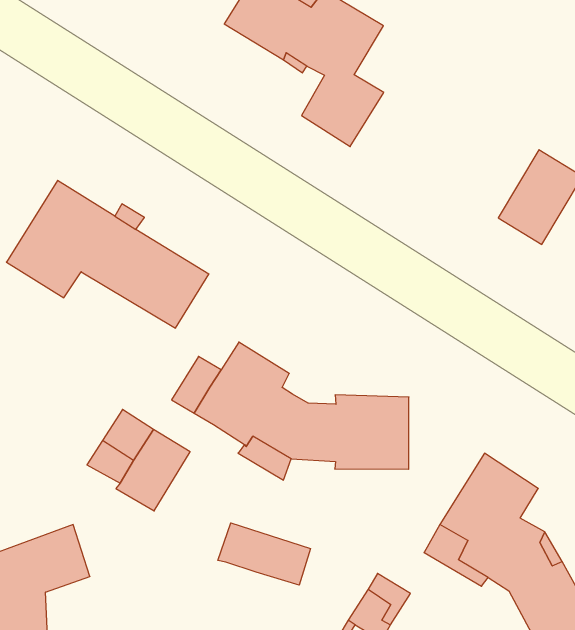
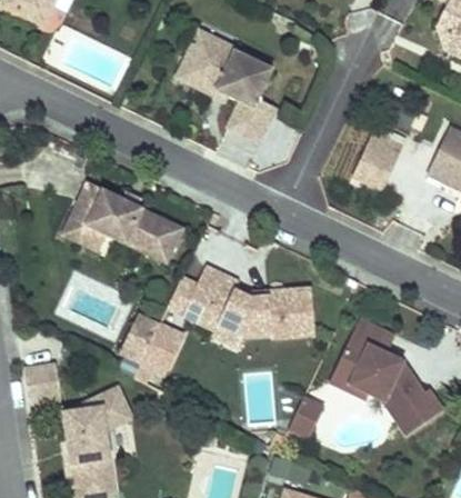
building: [218,523,311,585] -> none

